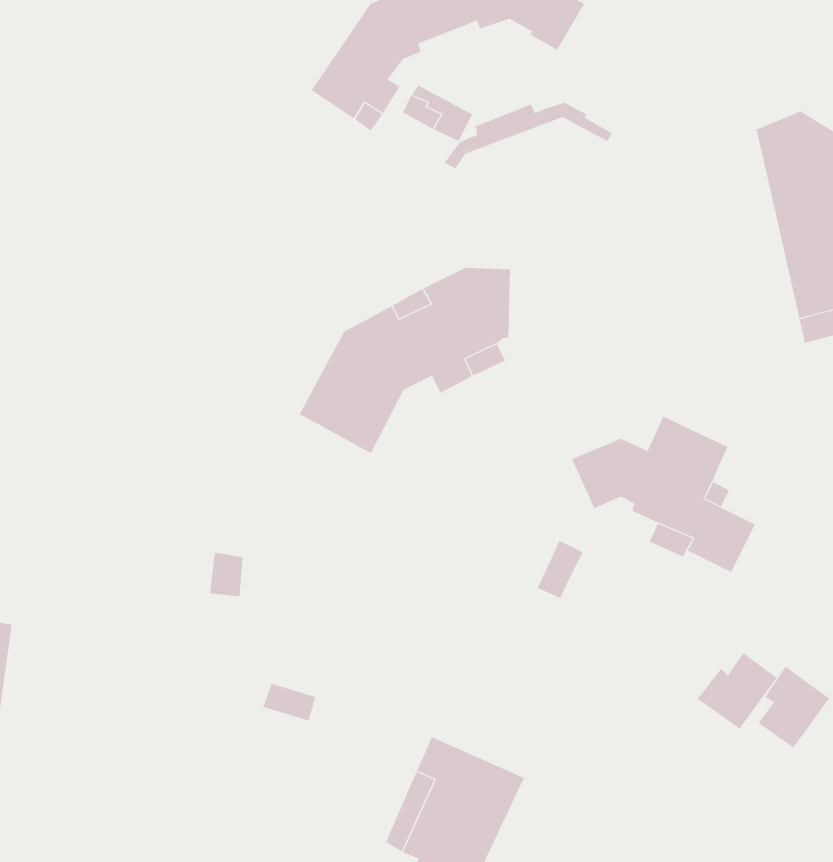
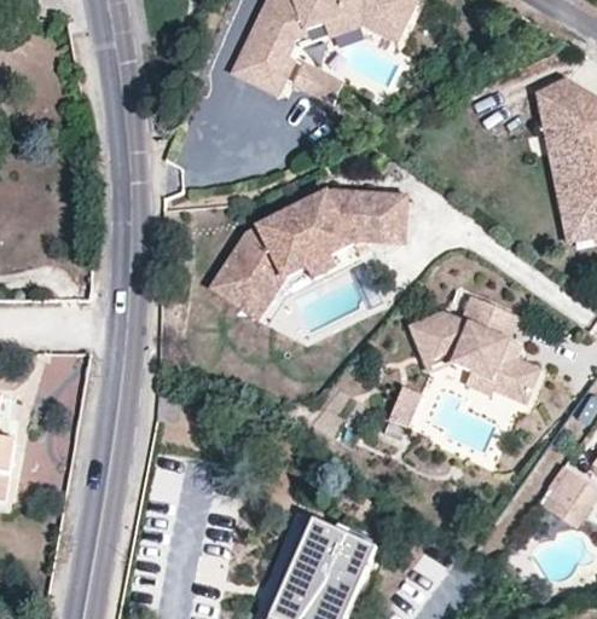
building: [444,102,613,169] -> [279,15,398,62]
building: none -> [364,190,407,241]
building: [697,652,777,730] -> none

